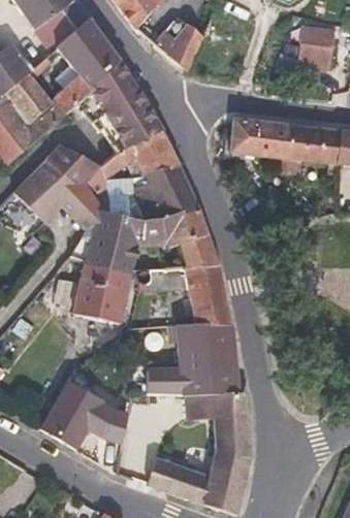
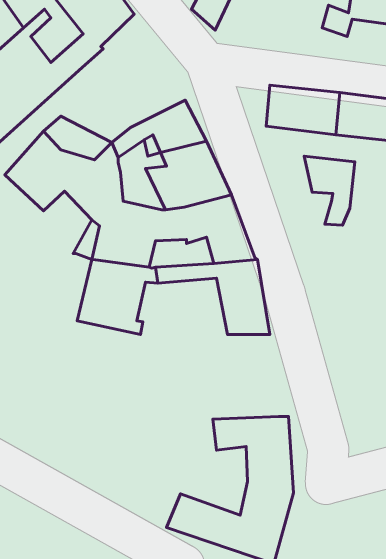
building: [76,59,162,153] -> none
building: none -> [304,156,355,225]
building: [150,324,240,394] -> none
building: [42,381,130,449] -> none

